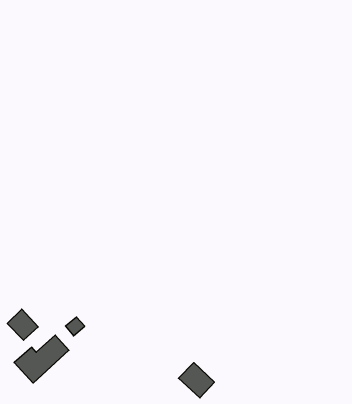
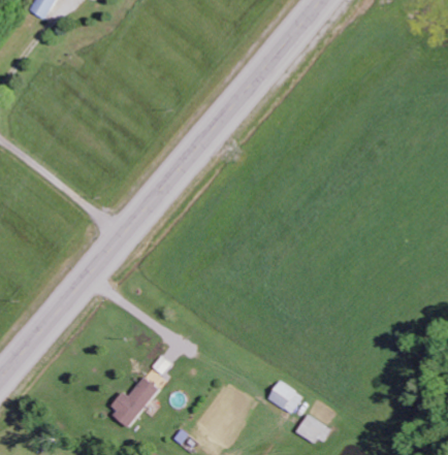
building: [7,309,38,340] -> none

